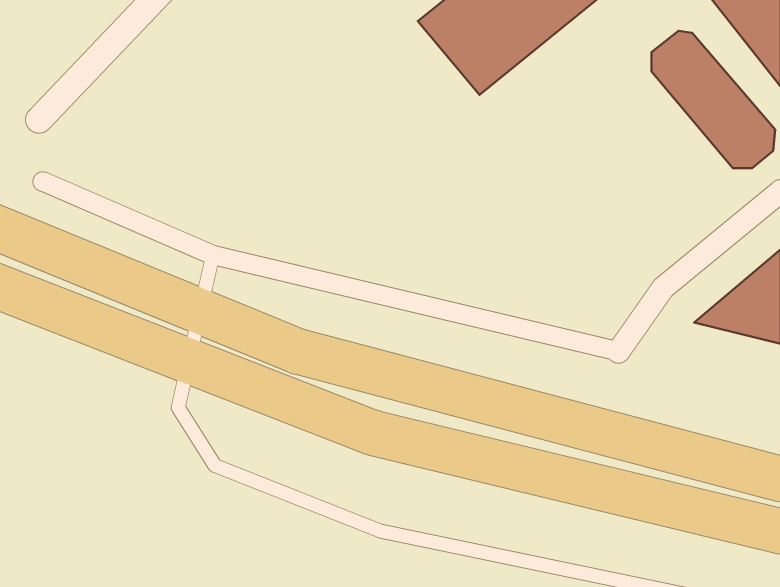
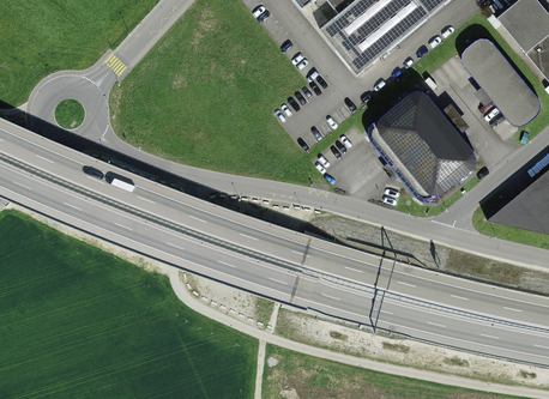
building: none -> [378,91,478,193]

